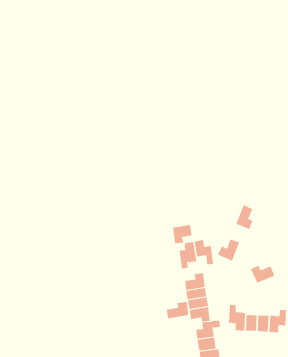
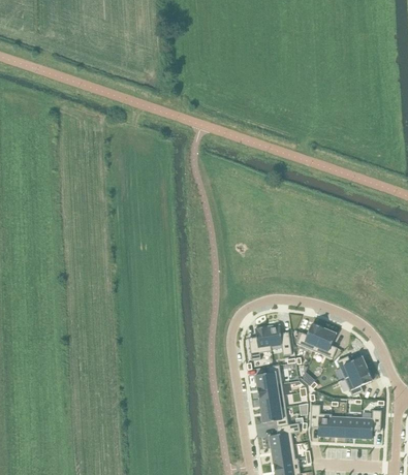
building: [236,204,253,230] -> [314,327,336,358]
building: [173,224,192,244] -> none
building: none -> [344,369,372,395]
building: [166,301,189,319] -> none

